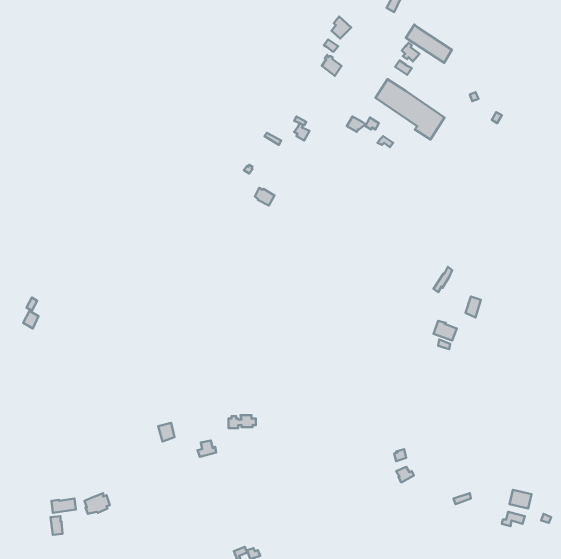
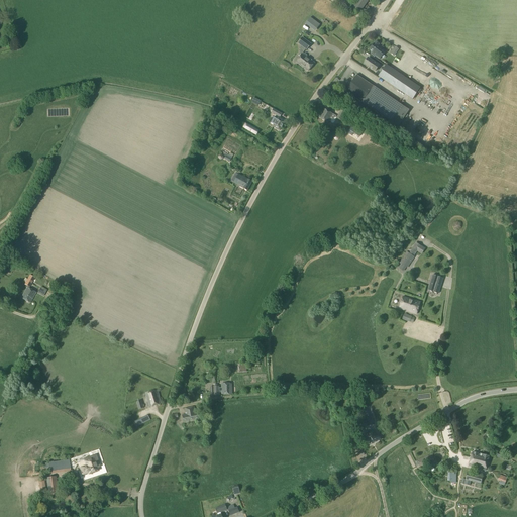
building: [406,25,452,63] -> [378,63,420,98]

